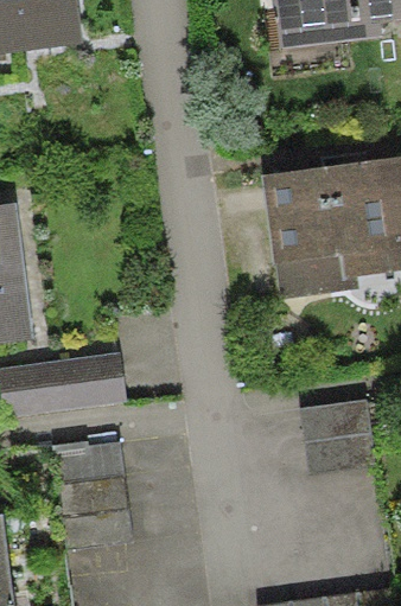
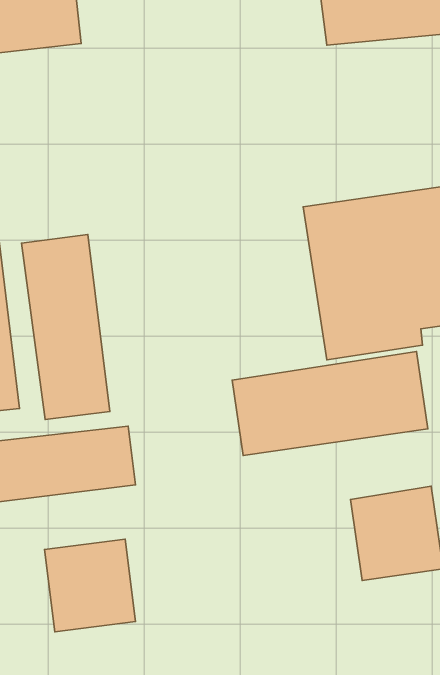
building: none -> [22,235,110,420]
building: none -> [232,352,428,456]

